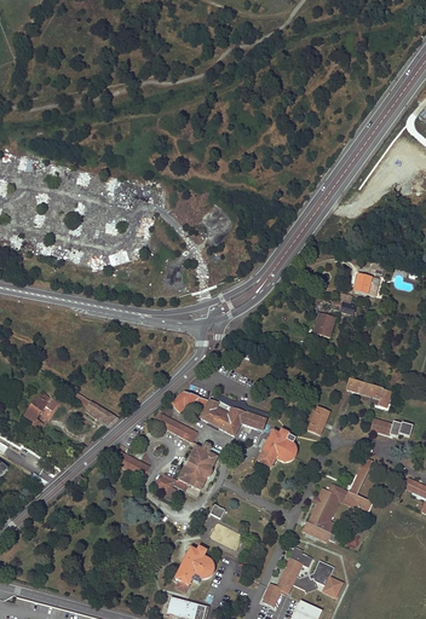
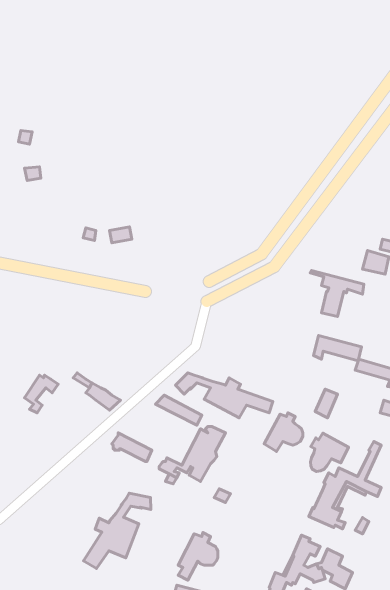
building: none -> [314,336,361,361]
building: none -> [310,433,349,472]
building: none -> [84,493,151,569]

